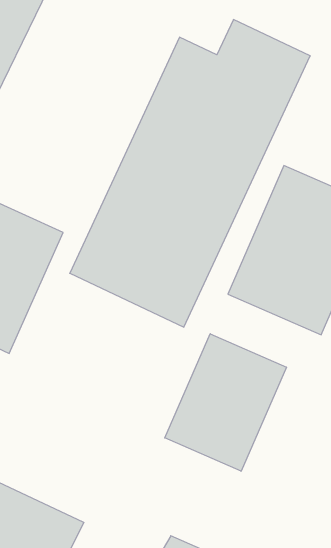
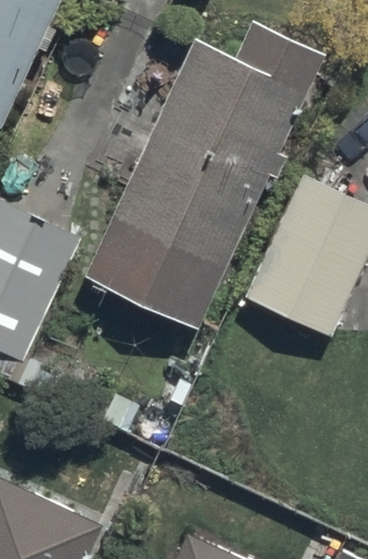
building: [165,334,286,471] -> none

